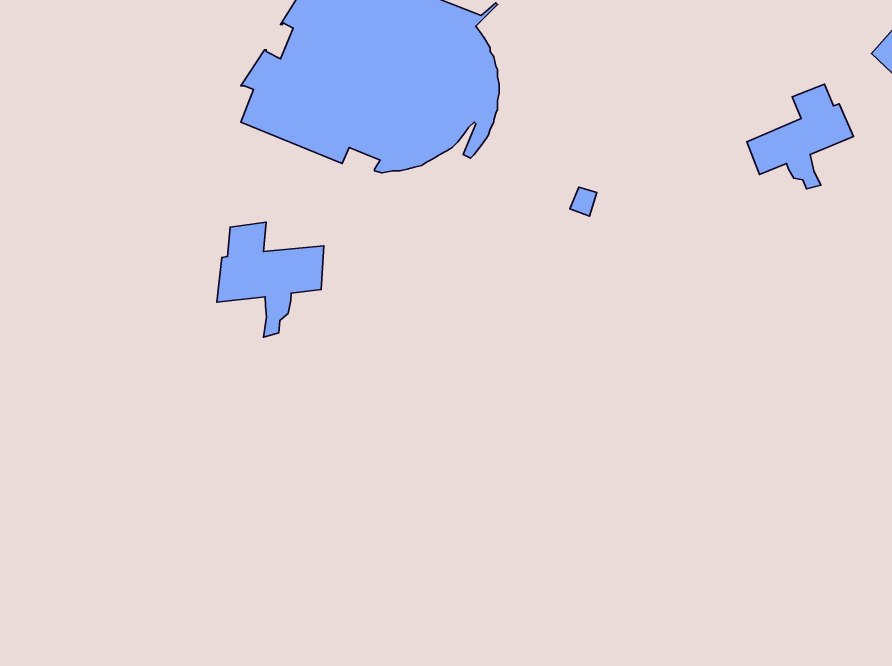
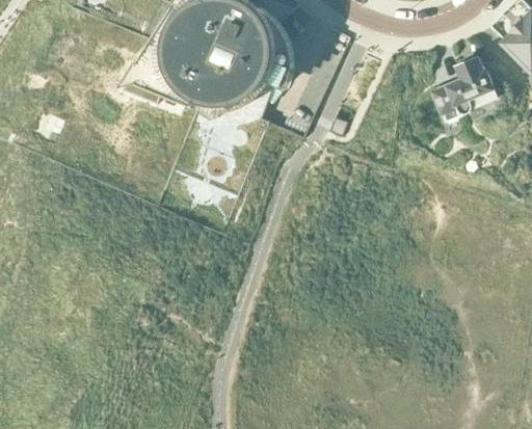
building: [217,222,324,337] -> none

